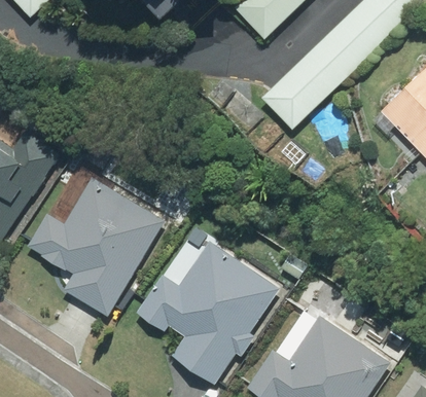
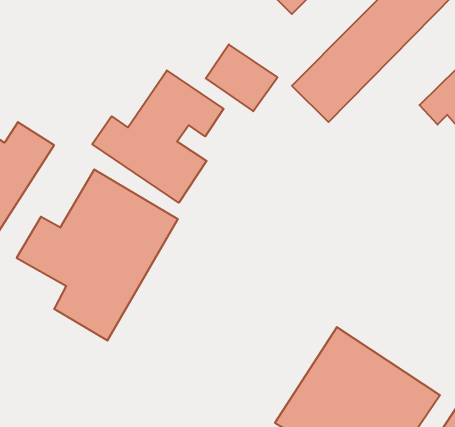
building: none -> [92,70,224,203]
building: [139,243,280,384] -> none

